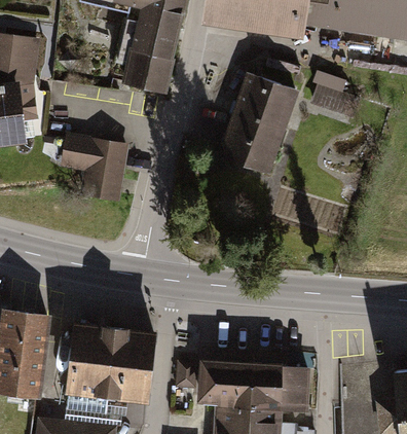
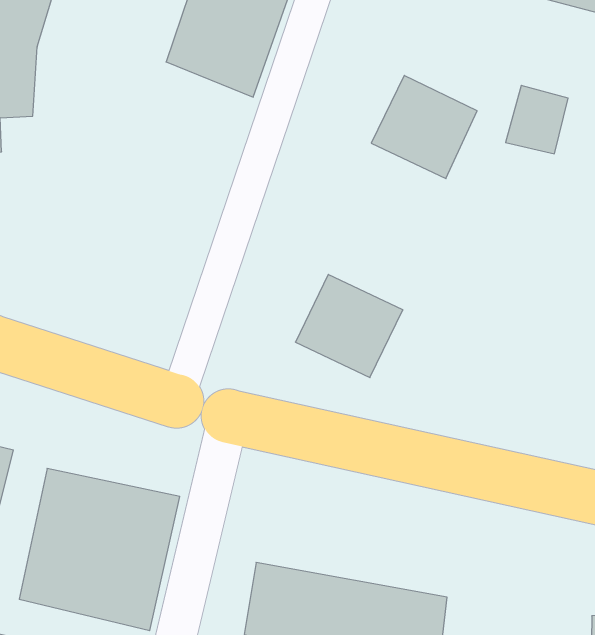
building: [222,112,282,169] -> [295,274,403,378]
building: [62,132,127,203] -> none

